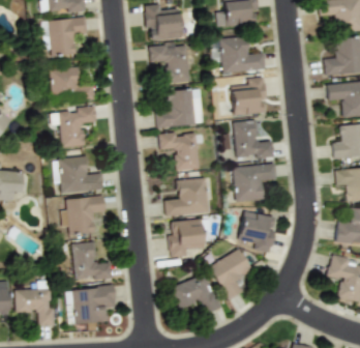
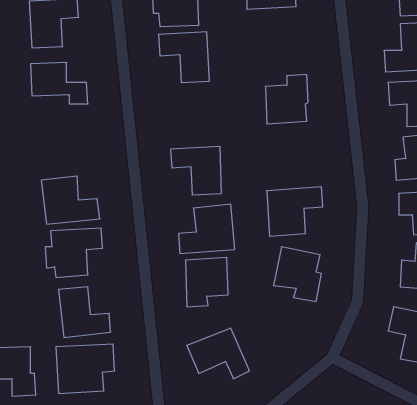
building: [220,36,266,71] -> none
building: [156,88,203,126] -> none
building: [60,106,96,147] -> none
building: [235,120,274,157] -> none
building: [210,250,252,299] -> none

